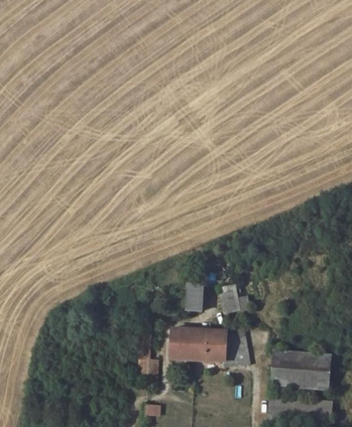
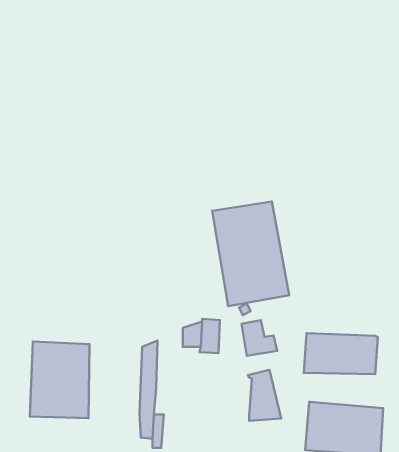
building: none -> [212,202,289,306]
building: none -> [30,341,90,418]
building: [169,327,228,360] -> [304,333,378,374]

